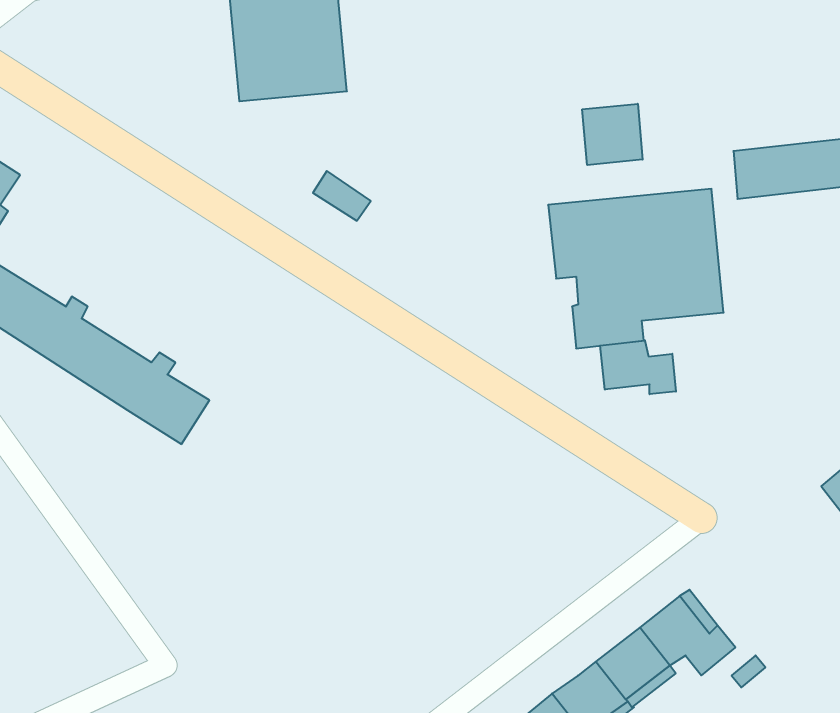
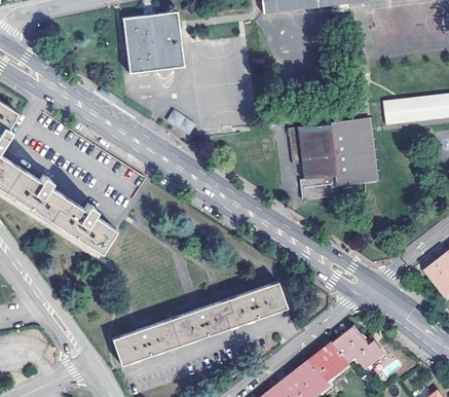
building: [582,104,643,165] -> none
building: [600,340,676,394] -> none
building: none -> [111,283,285,364]

